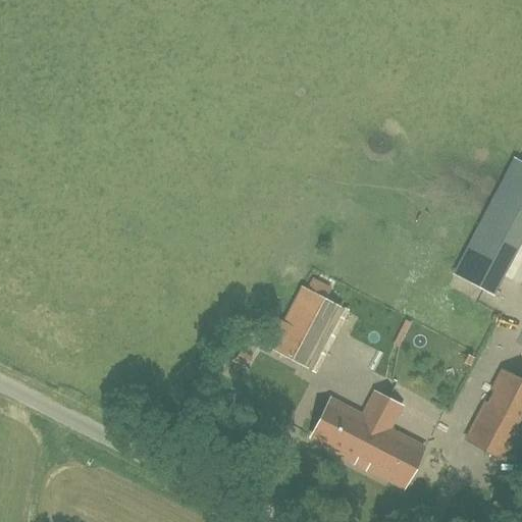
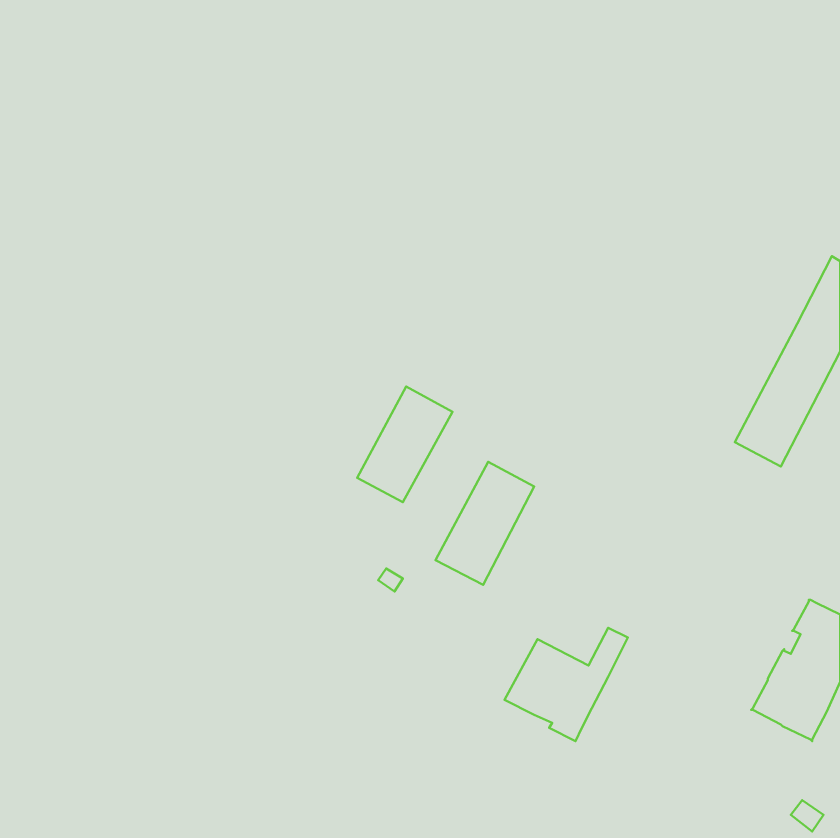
building: none -> [357,386,452,502]
building: [357,396,425,484] -> none

